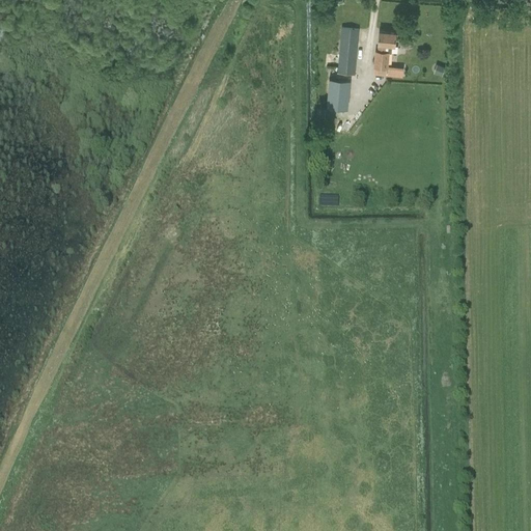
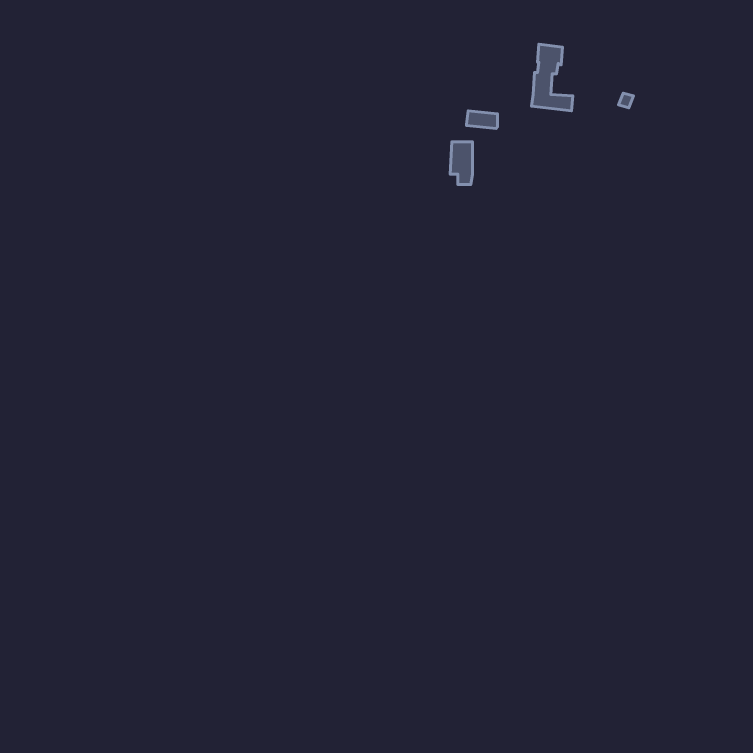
building: [338,29,359,76] -> none

